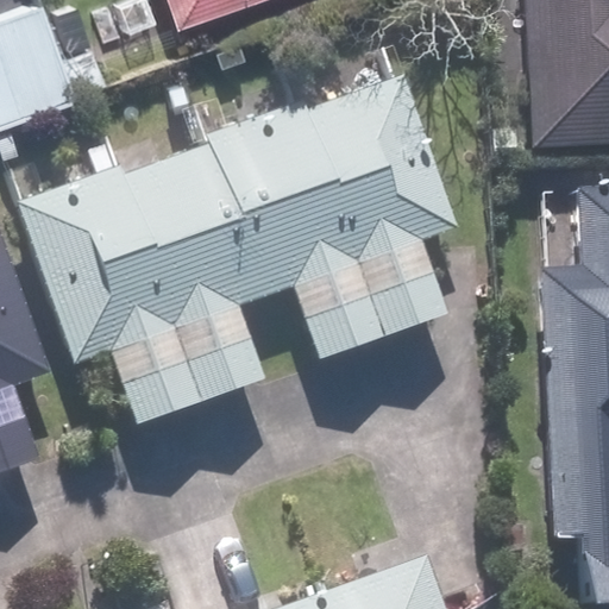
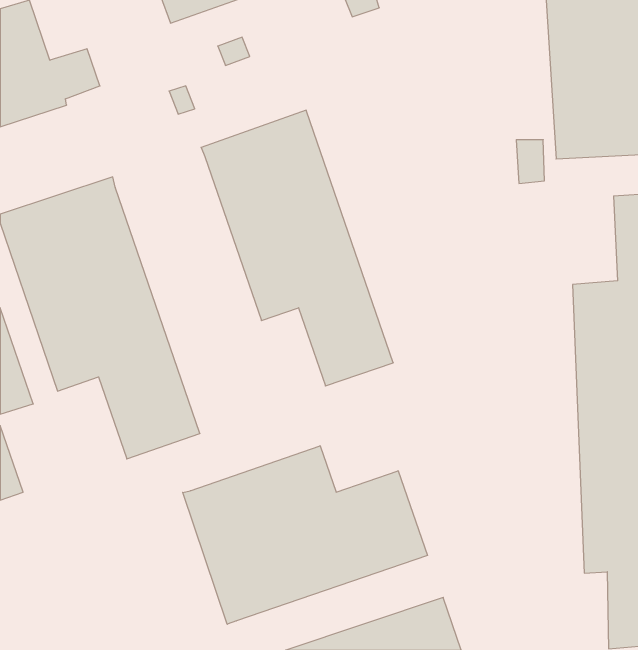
building: [303,80,453,337] -> none
building: [123,145,259,402] -> none
building: none -> [183,446,427,624]

